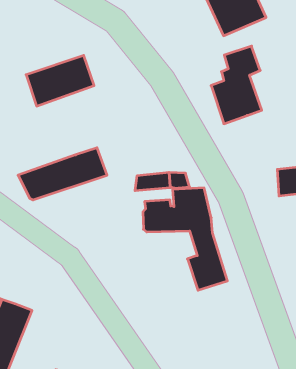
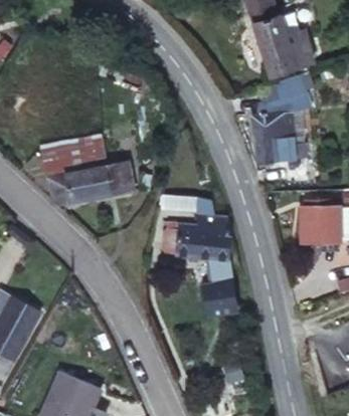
building: [26,55,94,106] -> [41,138,107,181]

